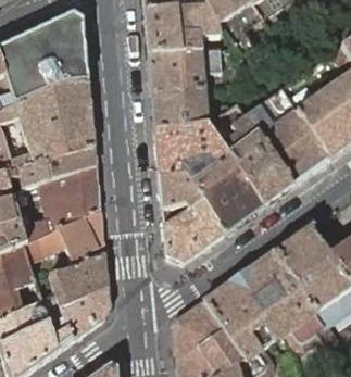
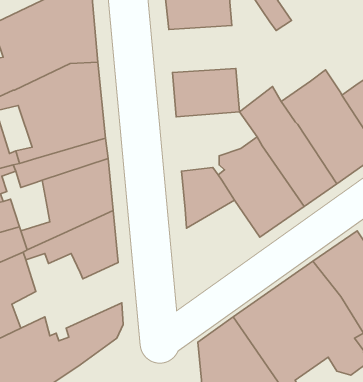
building: [148,46,222,87] -> none
building: [154,121,224,175] -> none
building: [163,197,226,259] -> none
building: [41,250,108,317] -> none

